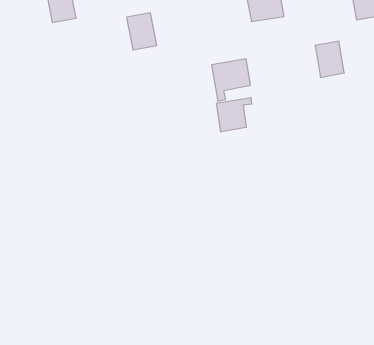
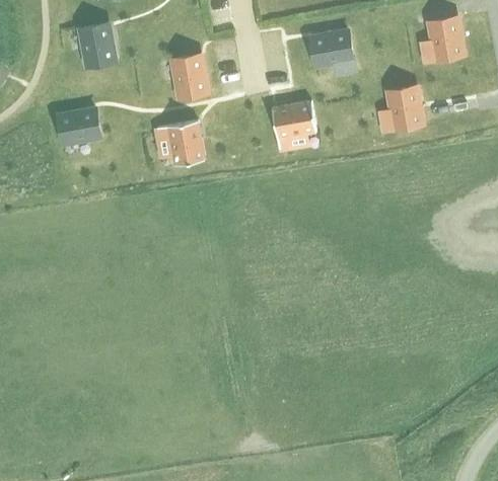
building: none -> [58,108,100,142]
building: none -> [154,124,203,168]
building: [216,97,252,132] -> none

